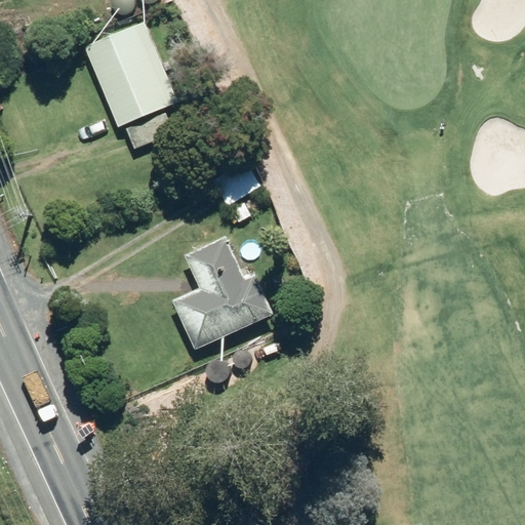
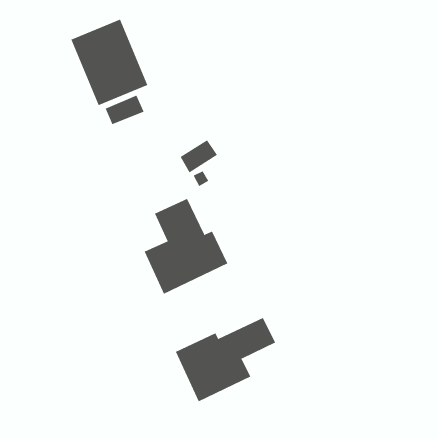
building: none -> [175,317,276,402]

